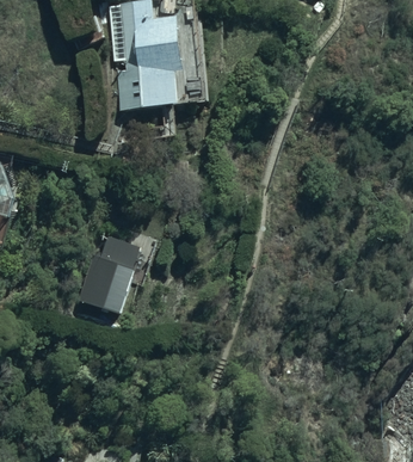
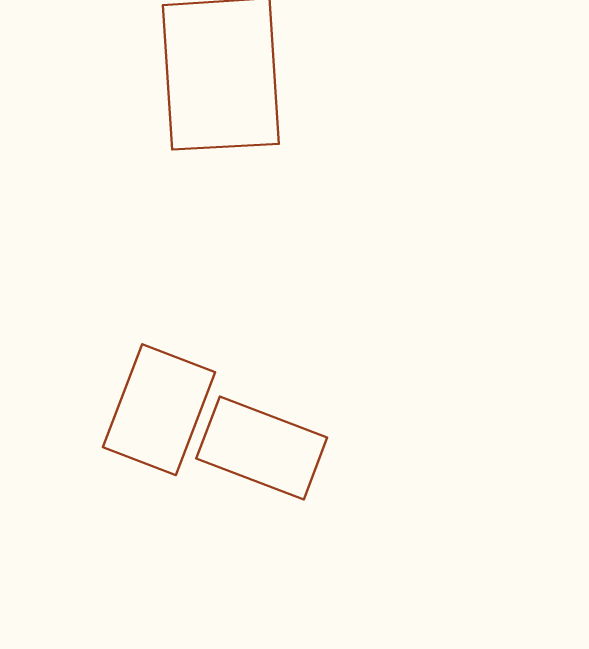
building: none -> [196,396,327,500]

